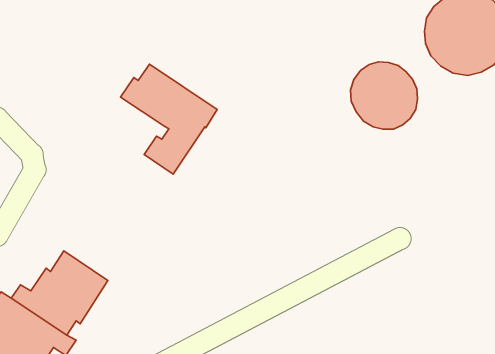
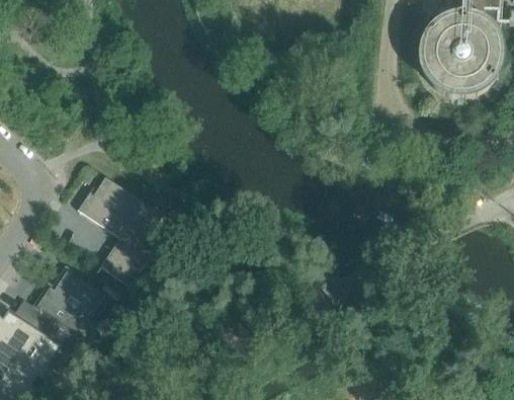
building: [351,62,418,129] -> none
building: [121,64,217,174] -> [76,176,171,285]

